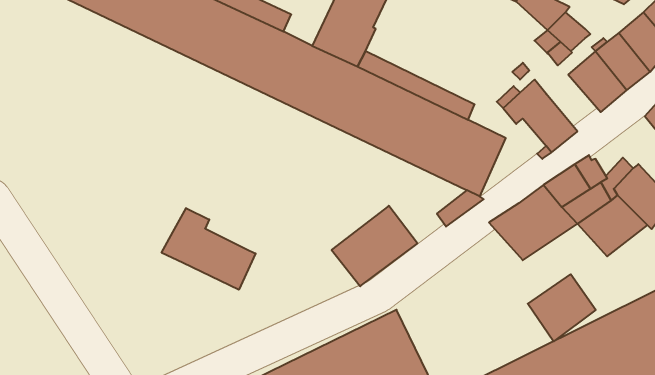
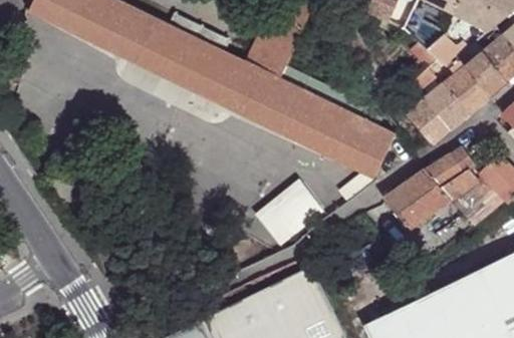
building: none -> [428,84,470,128]
building: [162,208,256,290] -> none
building: [528,274,596,341] -> none

